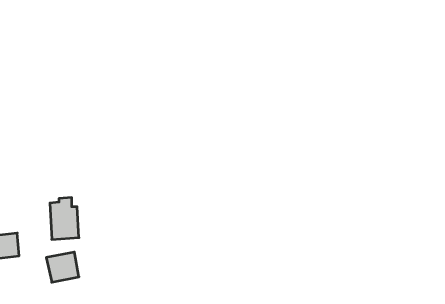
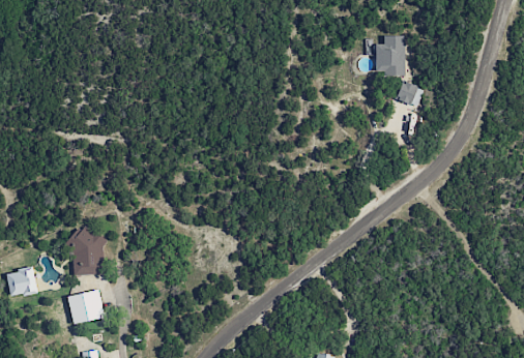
building: none -> [376,35,406,76]
building: none -> [396,82,424,107]

